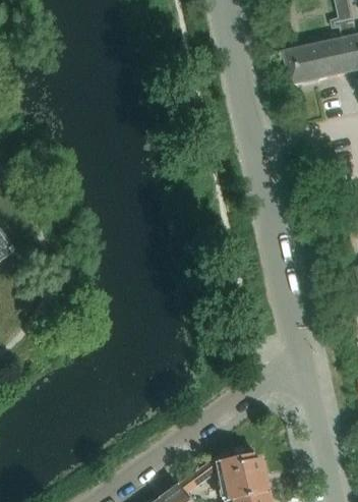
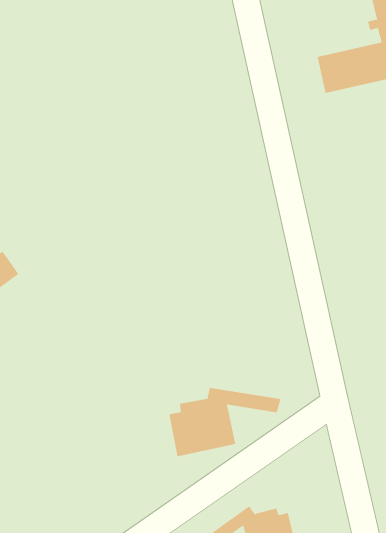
building: none -> [169,387,281,457]

